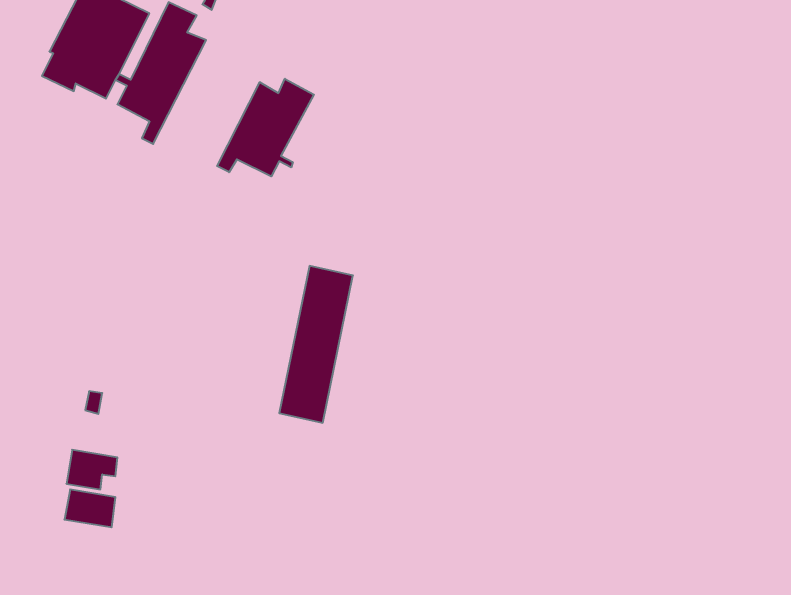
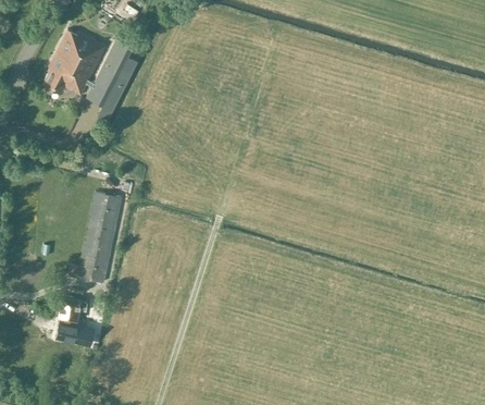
building: [217,79,314,176] -> none
building: [279,266,353,423] -> [78,193,121,283]

